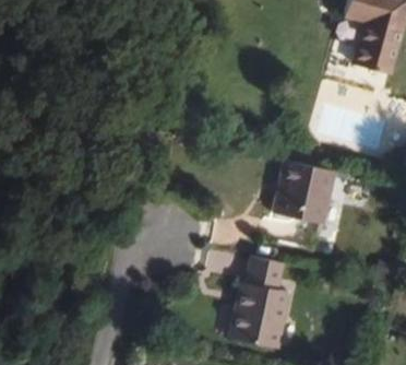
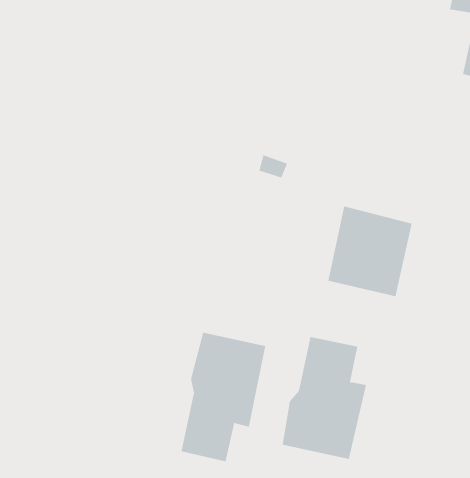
building: none -> [181,332,266,462]

